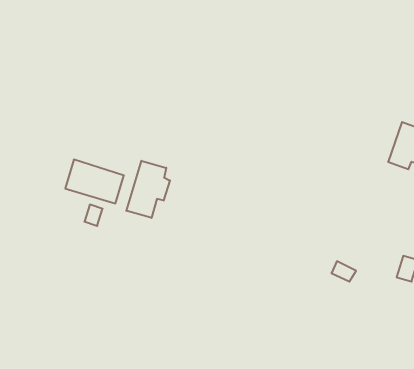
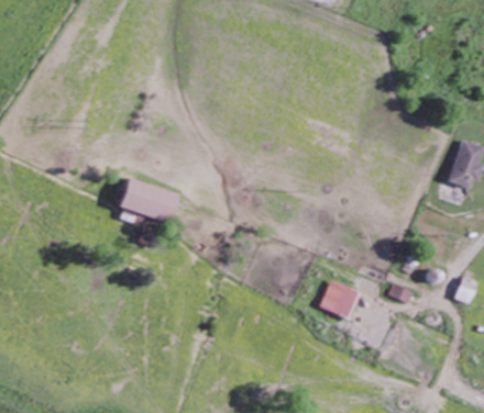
building: [126,161,170,218] -> none
building: none -> [320,281,359,319]

